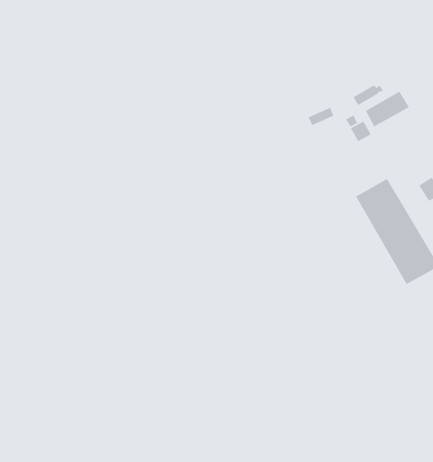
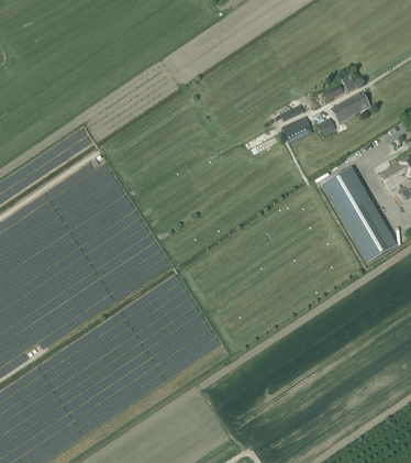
building: none -> [280,115,312,142]

